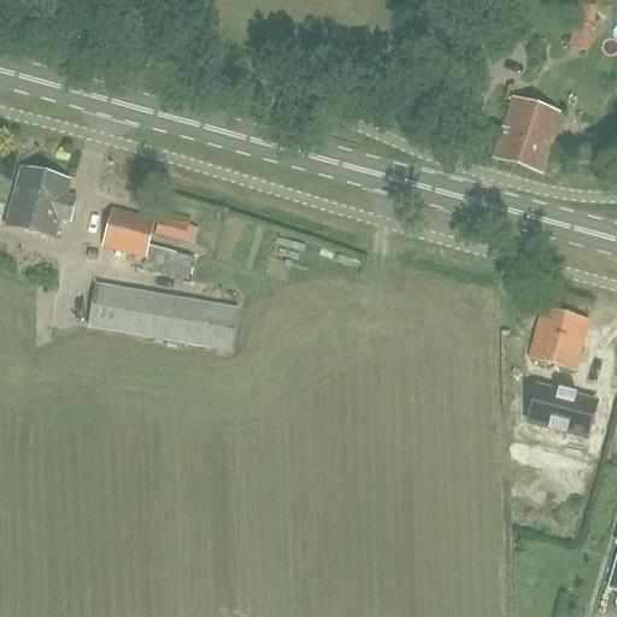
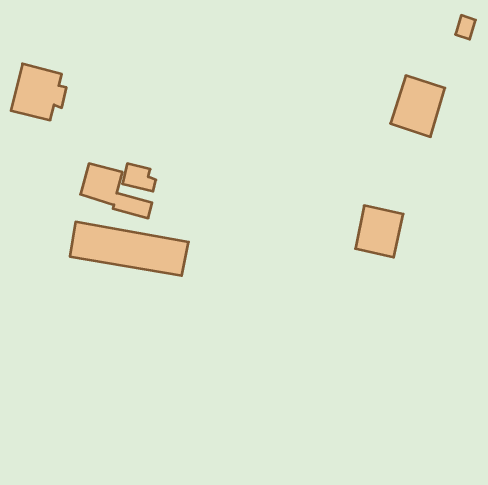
building: [5,165,75,236] -> [11,64,66,120]
building: [534,306,594,371] -> [355,206,403,257]
building: [528,383,594,435] -> none

